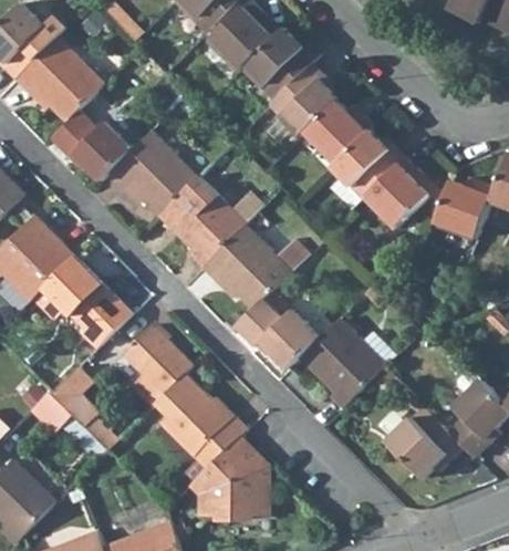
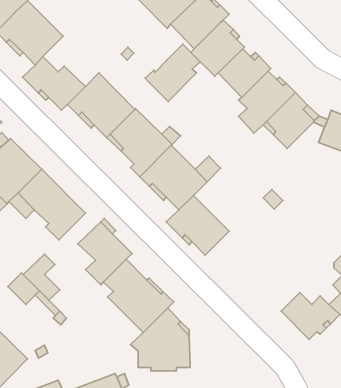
building: none -> [145,44,200,101]
building: [298,316,394,407] -> none

